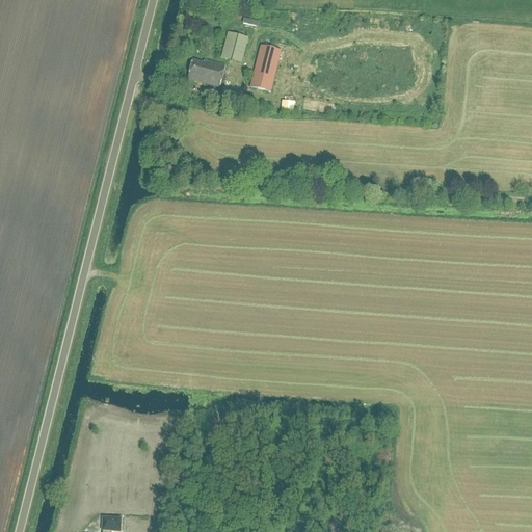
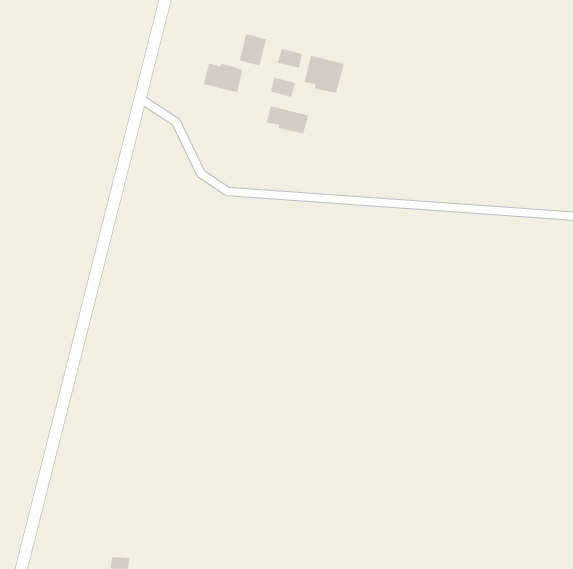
building: none -> [304,55,345,94]
building: none -> [266,105,309,134]

